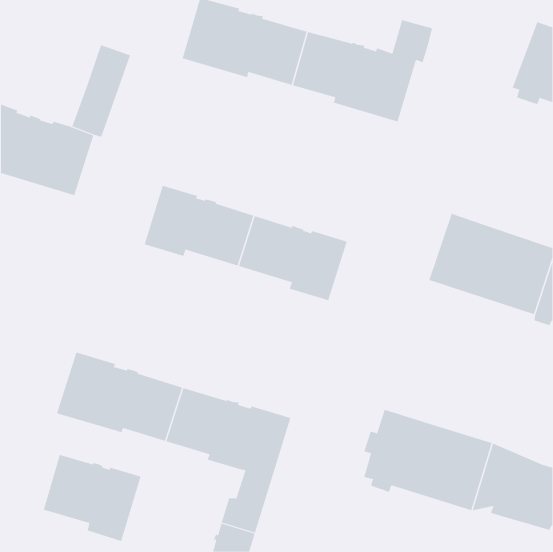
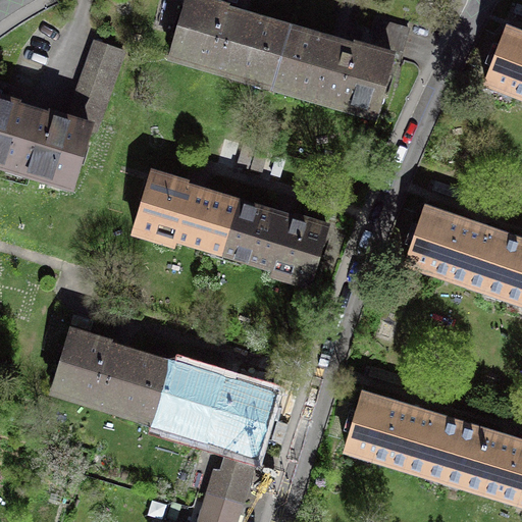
building: [43,454,141,542] -> none

